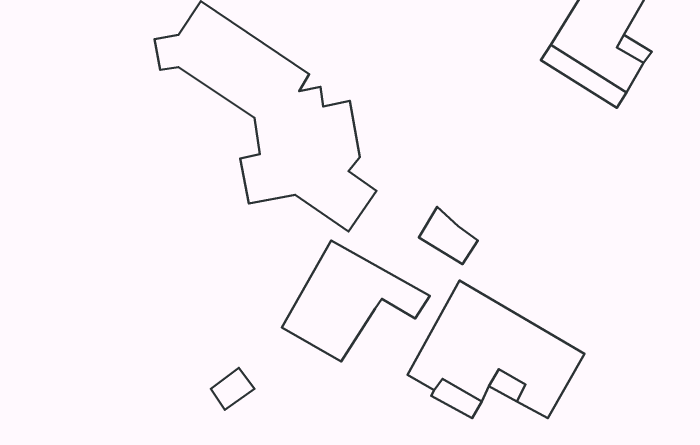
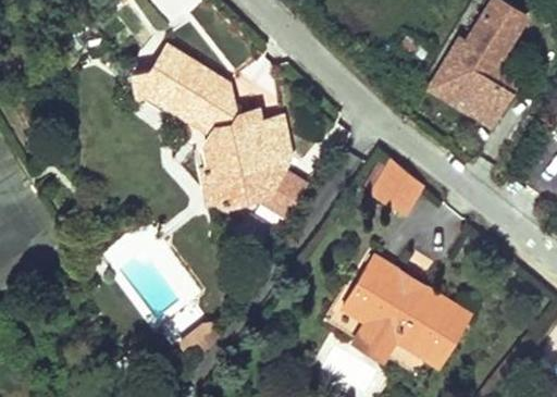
building: [419,207,478,264] -> [373,171,419,215]
building: [282,241,430,362] -> none

